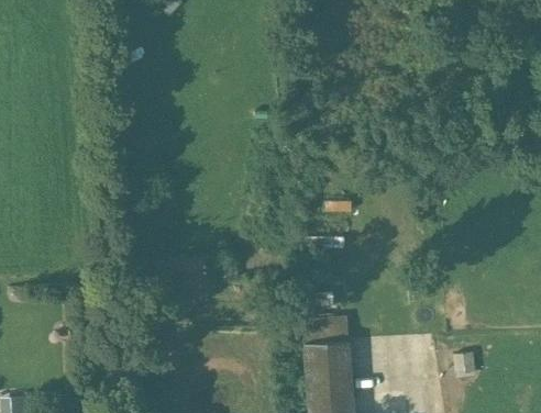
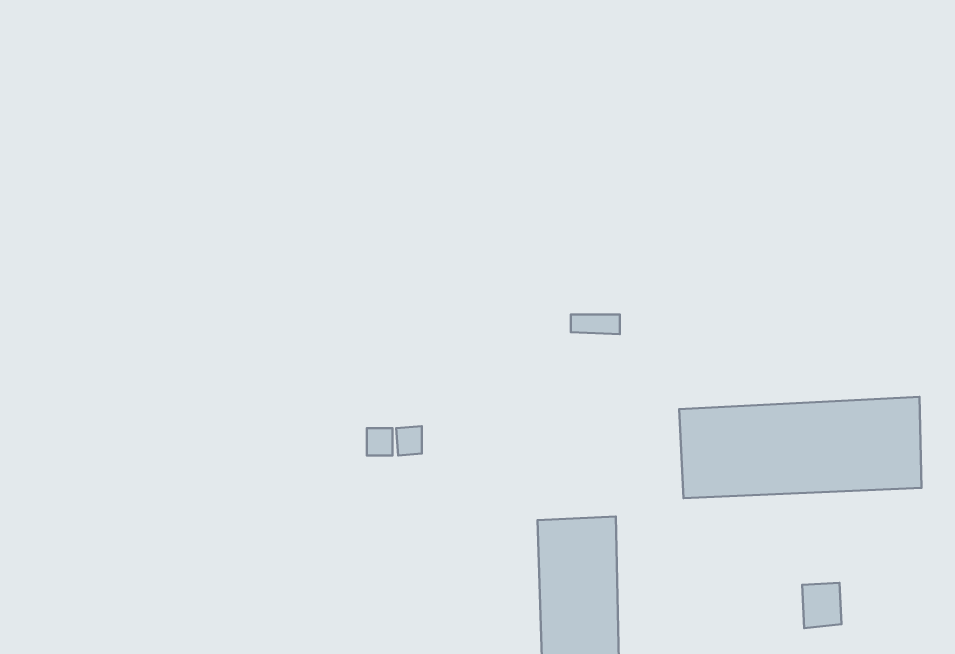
building: none -> [679,397,921,498]

